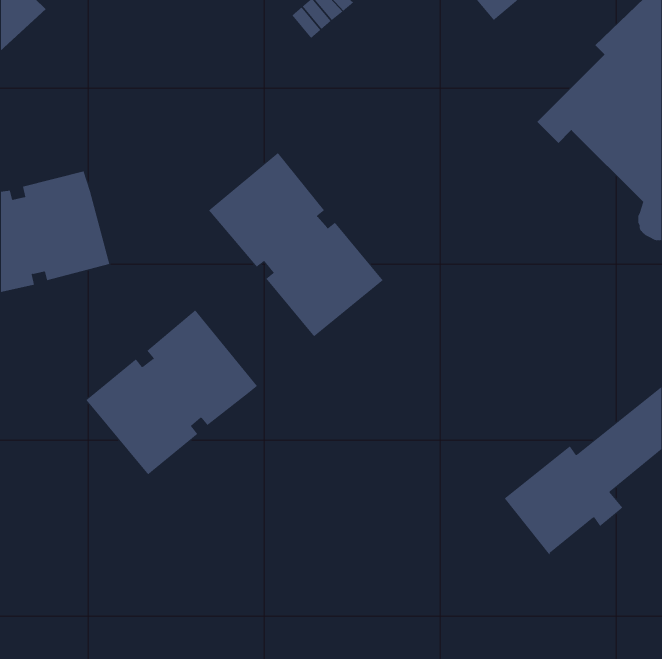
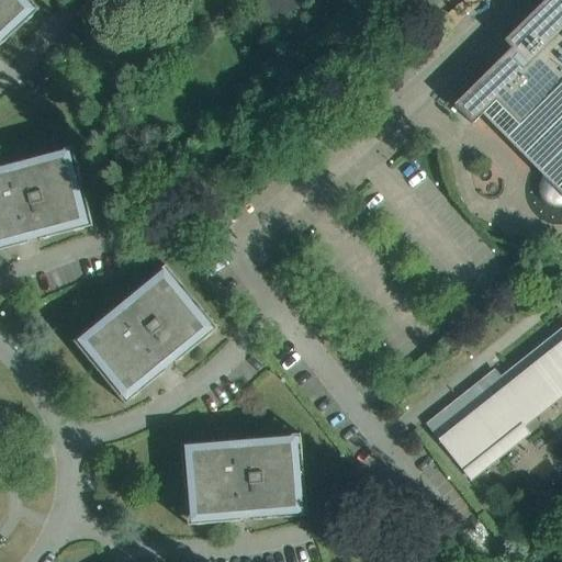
building: [208,152,384,337] -> none
building: none -> [181,431,307,524]

